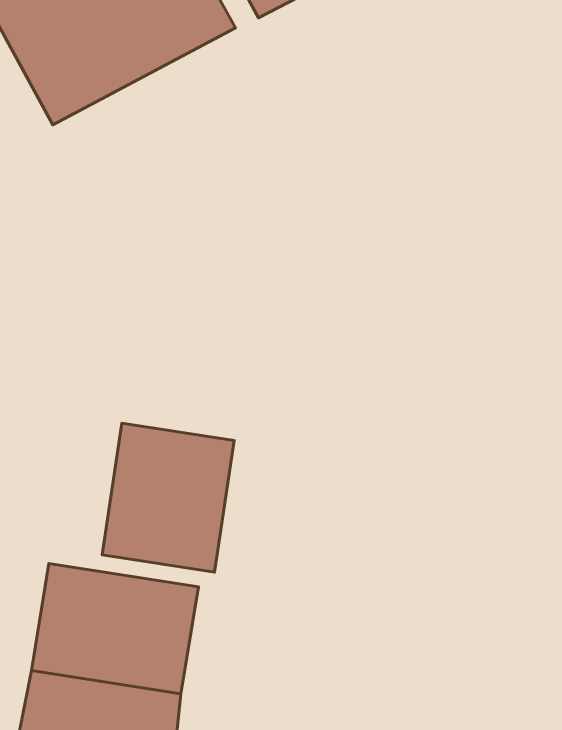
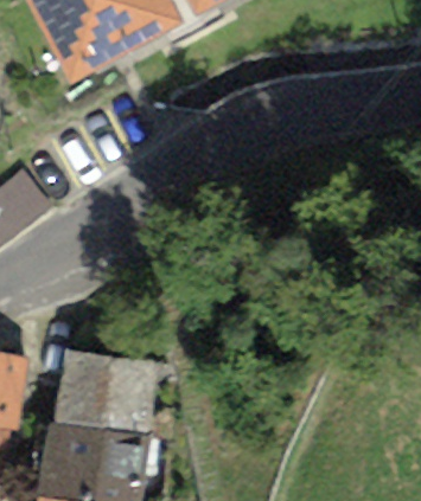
building: [102,423,234,572] -> none

